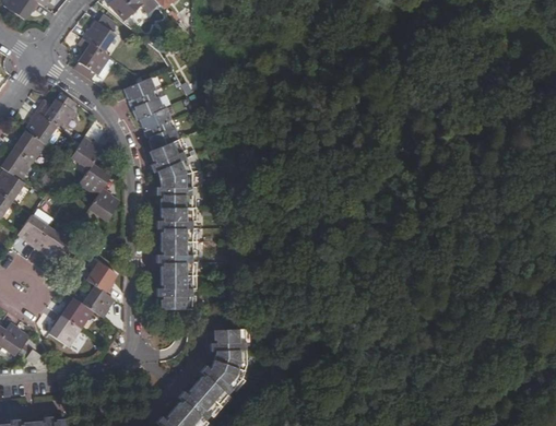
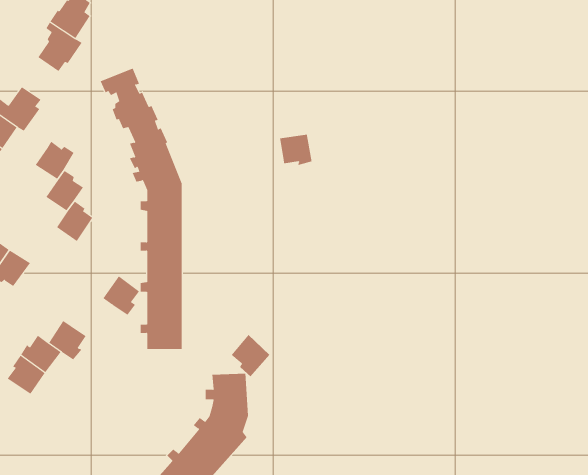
building: none -> [280,134,312,166]
building: [85,261,116,294] -> [103,276,140,315]
building: none -> [231,334,270,377]

